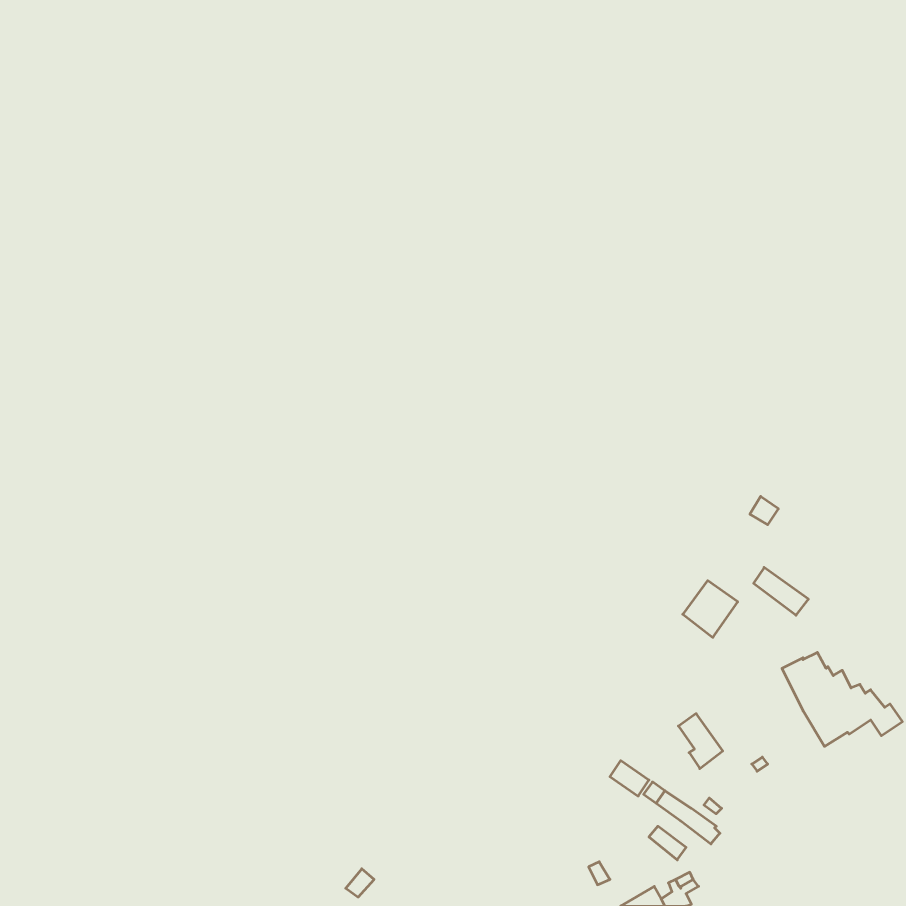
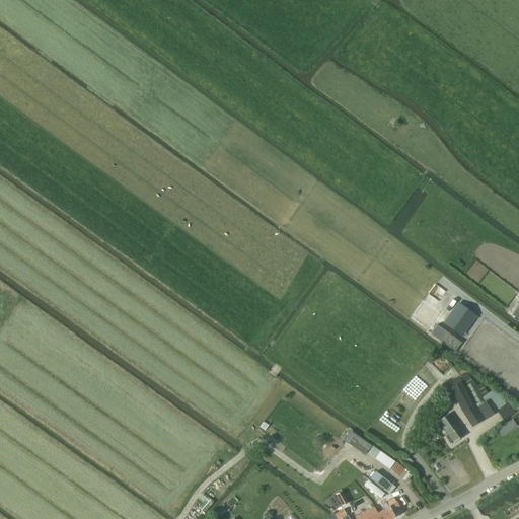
building: [683,581,738,637] -> [444,304,475,337]
building: [678,714,723,769] -> [439,414,464,445]

